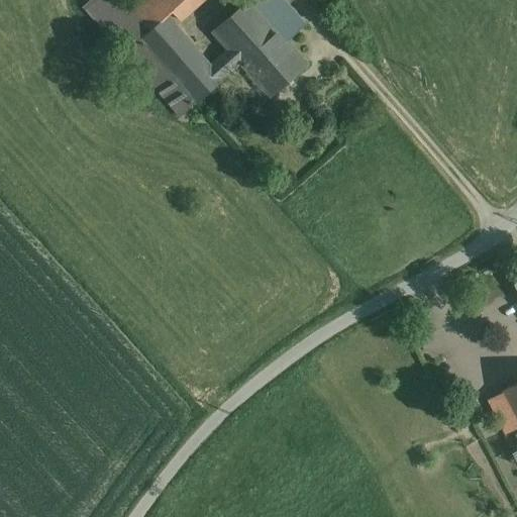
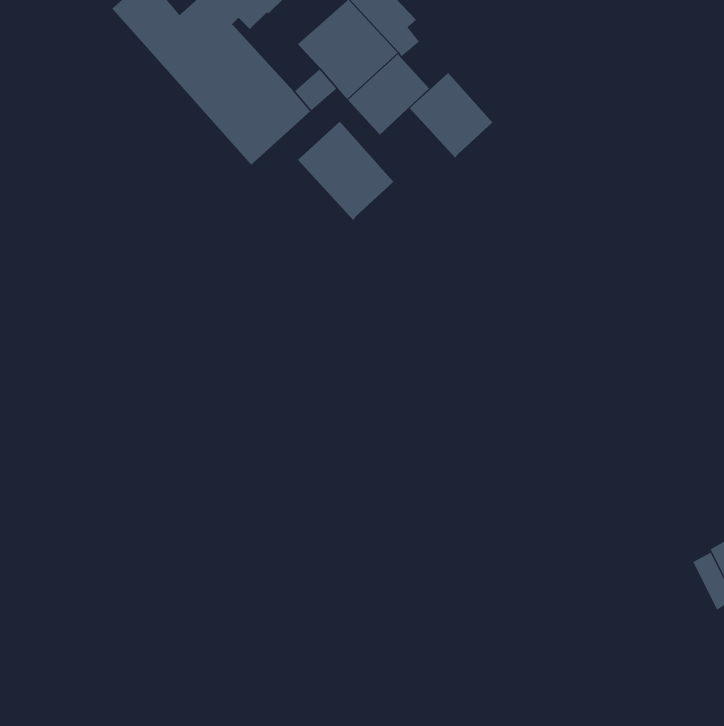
building: none -> [409,72,493,159]
building: none -> [297,121,394,221]

